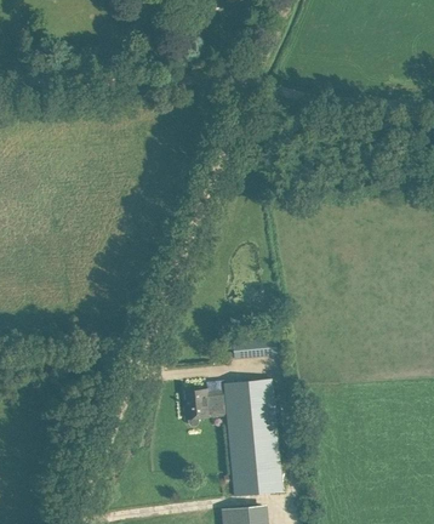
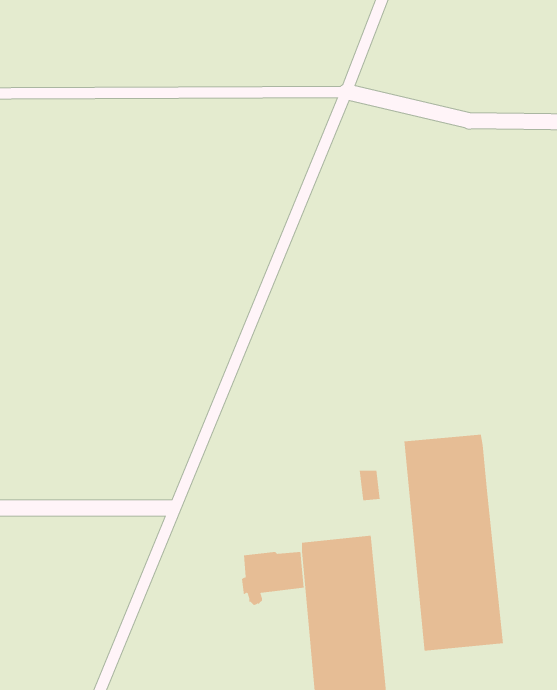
building: none -> [404,434,504,651]

